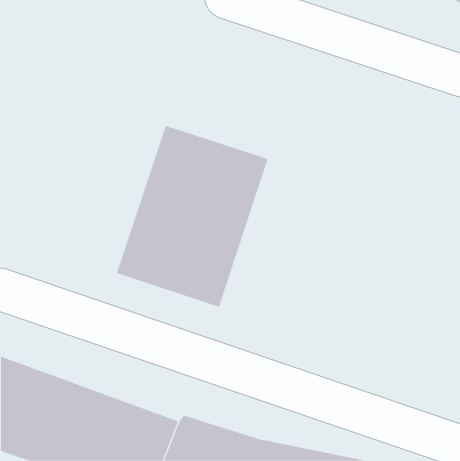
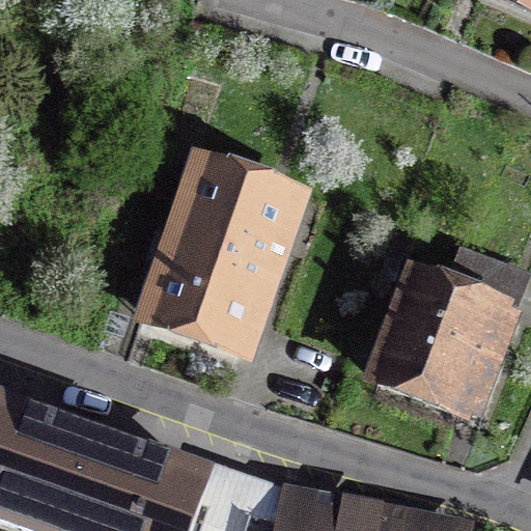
building: none -> [364,252,525,417]

